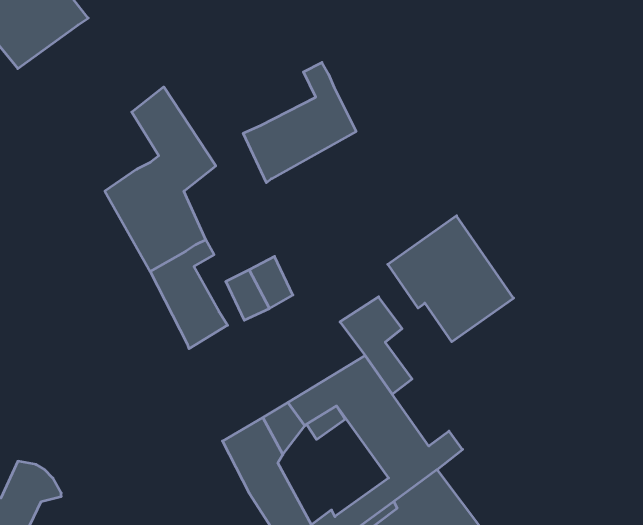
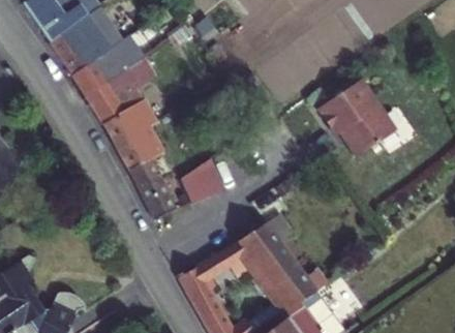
building: none -> [52,20,144,122]
building: [243,62,356,183] -> none
building: [388,216,514,342] -> [319,74,396,152]

